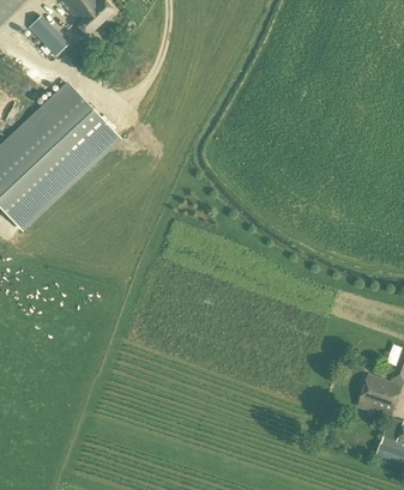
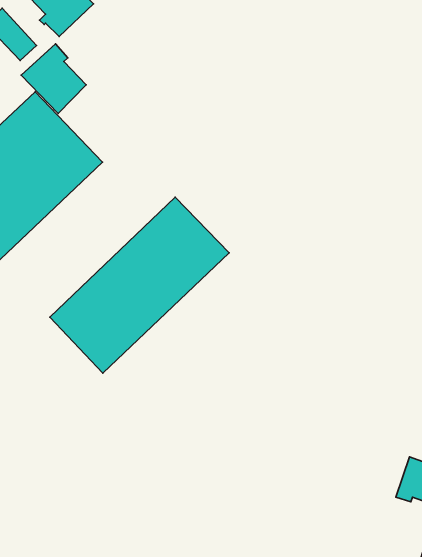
building: none -> [21,44,86,114]
building: none -> [50,197,229,373]

